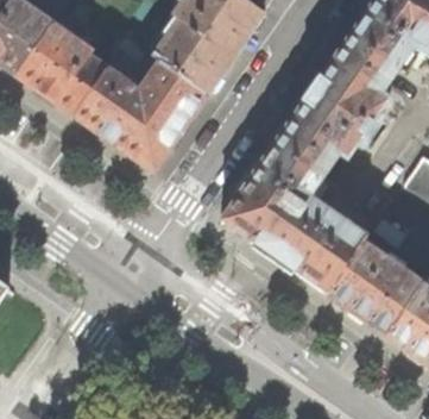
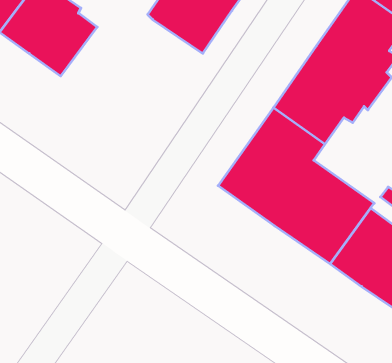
building: [72,61,207,170] -> none

